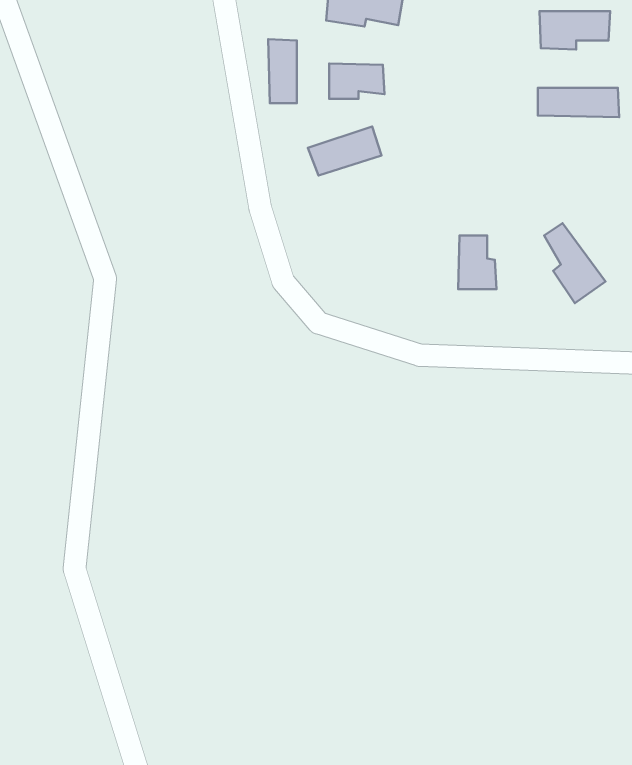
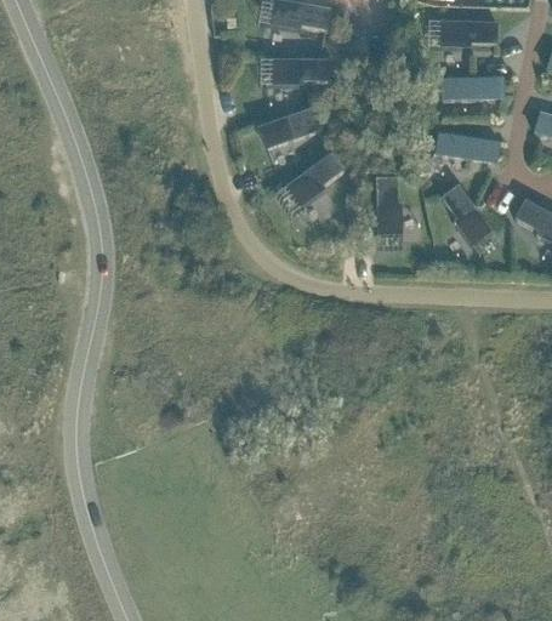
building: [268,39,297,103] -> none
building: none -> [434,131,500,165]
building: none -> [286,159,337,207]

